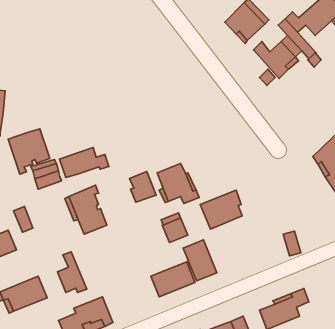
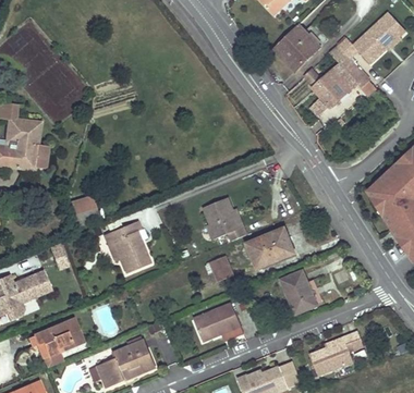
building: [8,129,50,174] -> none
building: [60,147,109,177] -> none
building: [130,172,156,202] -> none
building: [183,240,217,281] -> [282,270,318,314]
building: [58,252,87,292] -> none

